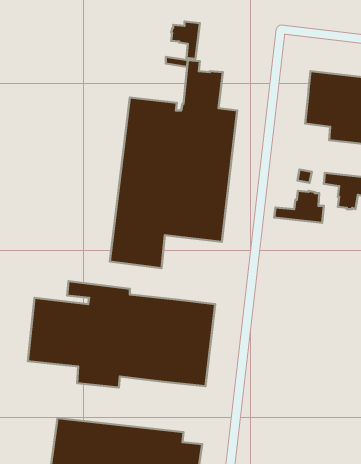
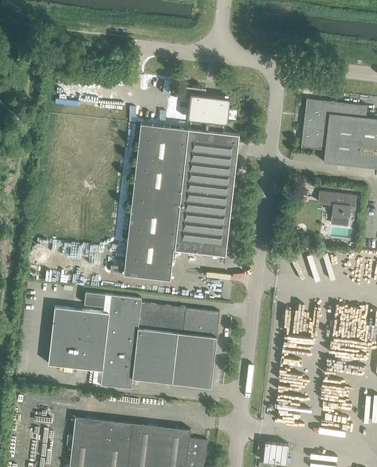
building: [171,22,200,59] -> none
building: [274,191,324,223] -> none

